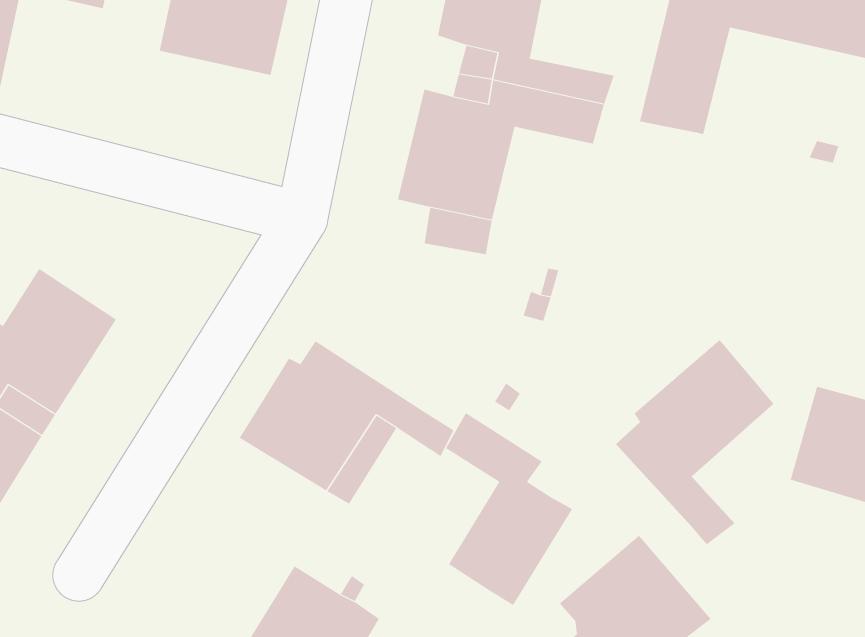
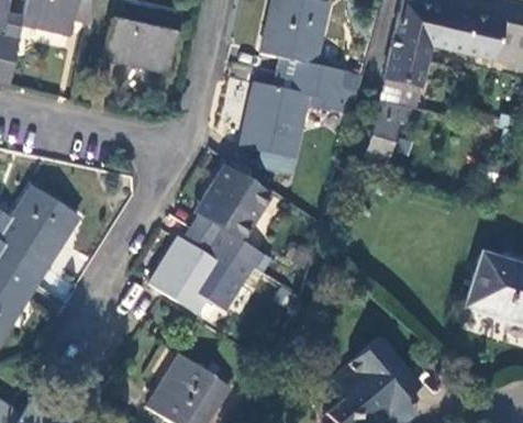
building: none -> [366,99,412,164]
building: none -> [192,163,272,267]
building: [615,339,774,545] -> none
building: [445,412,573,606] -> none

